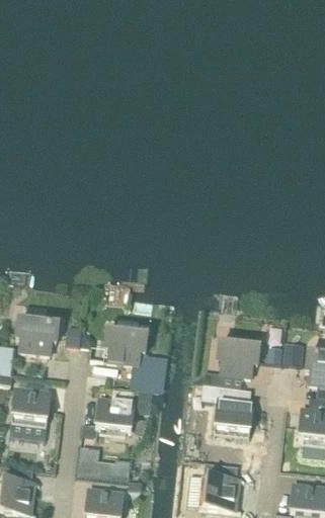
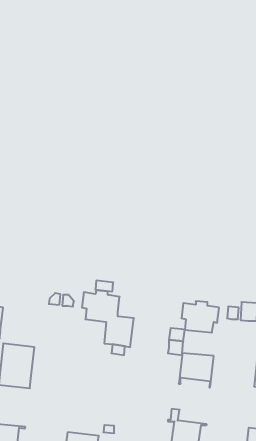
building: [16,313,59,354] -> none
building: [95,399,135,431] -> none
building: [79,447,130,480] -> none

